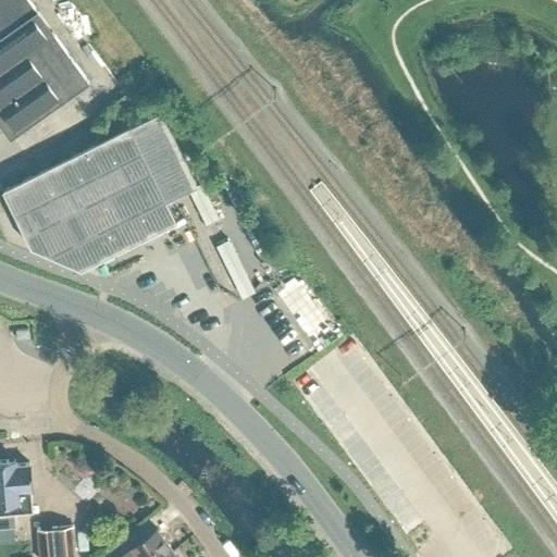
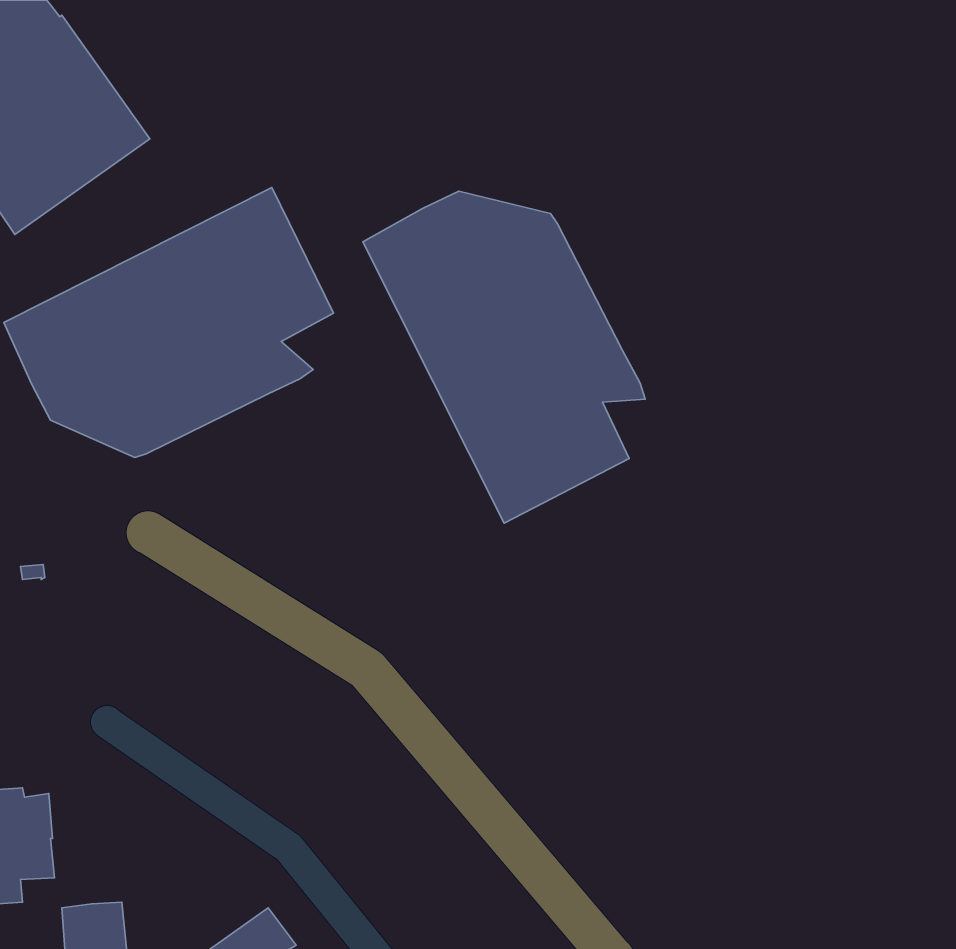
building: none -> [363,191,645,523]

